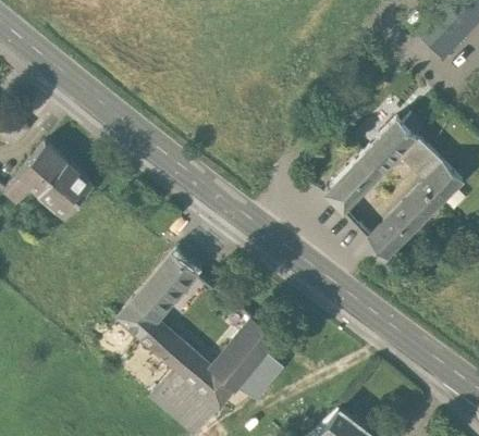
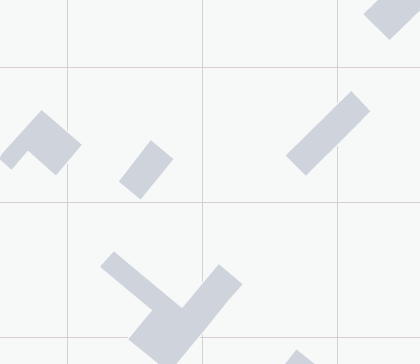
building: [367,141,467,262] -> none
building: [131,251,195,321] -> [118,139,174,201]
building: [236,353,282,401] -> none

